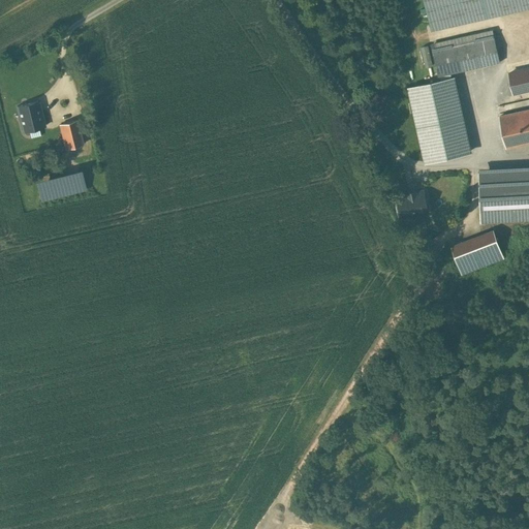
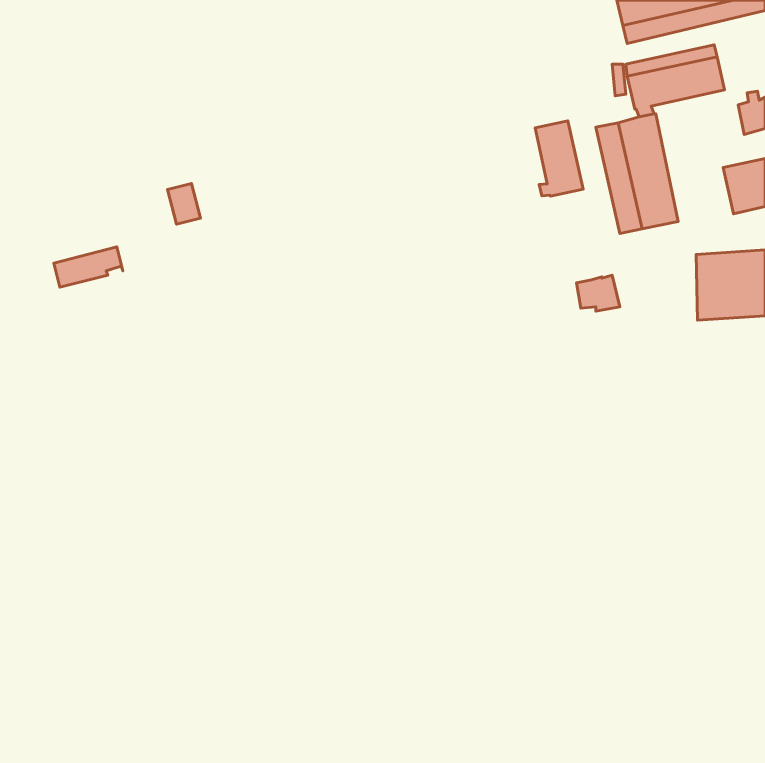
building: none -> [535,121,583,196]
building: [13,101,44,133] -> none
building: [60,121,83,149] -> [168,184,201,224]
building: [454,235,502,274] -> none

